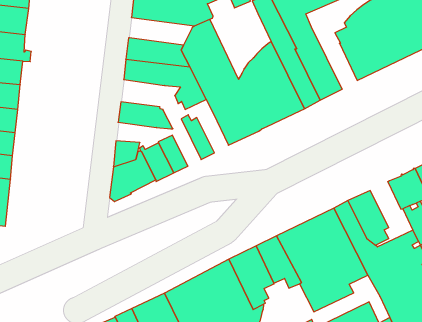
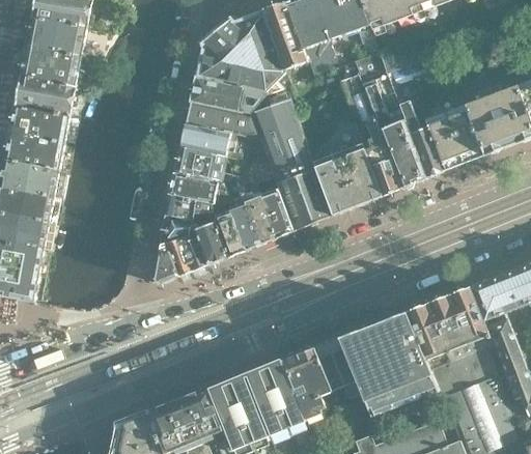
building: none -> [192,77,267,113]
building: none -> [398,101,445,177]
building: none -> [176,146,233,185]
building: none -> [261,192,294,237]
building: none -> [231,196,261,250]
building: none -> [167,194,215,219]
building: none -> [449,286,494,349]

